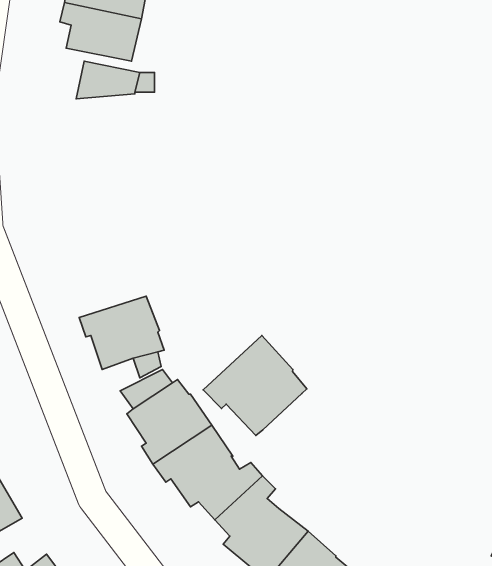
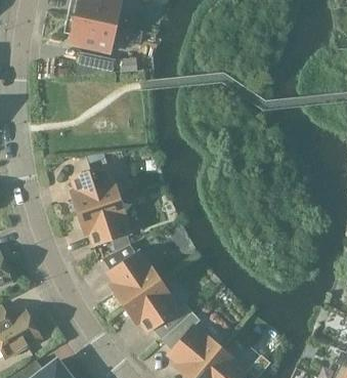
building: none -> [71,165,120,212]
building: [203,336,307,436] -> none

